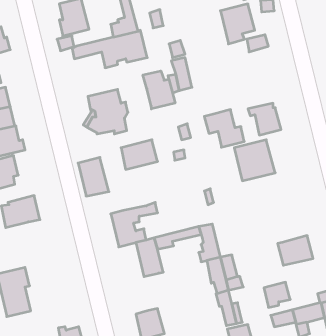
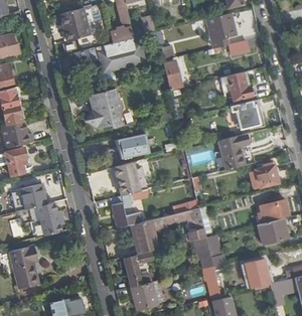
building: [143,71,175,109] -> none
building: [204,110,244,147] -> [218,71,254,105]
building: [78,157,109,196] -> [113,161,140,195]
building: none -> [247,161,278,188]
building: none -> [257,199,289,223]
building: none -> [36,201,62,235]
building: none -> [123,251,153,287]

